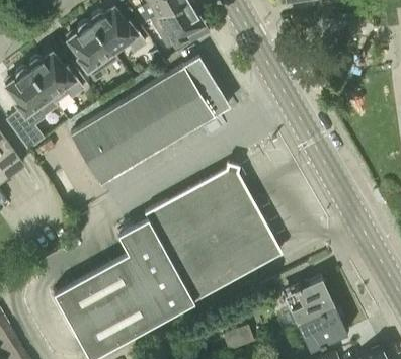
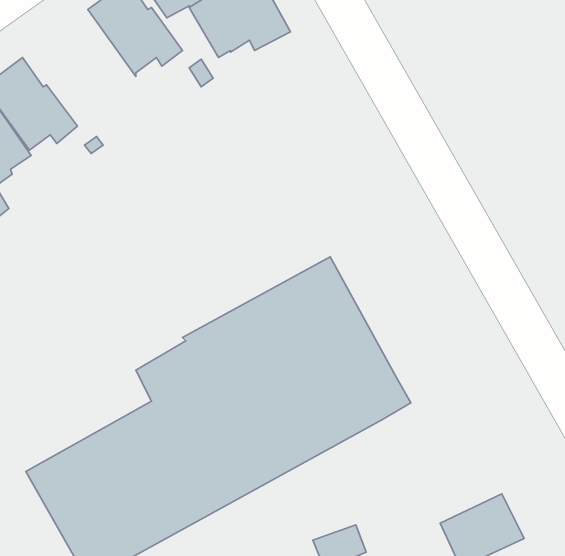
building: [67,21,118,82] -> none
building: [71,58,229,185] -> none
building: [282,277,334,324] -> none

